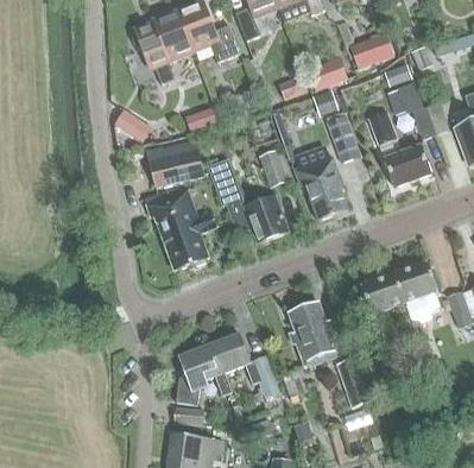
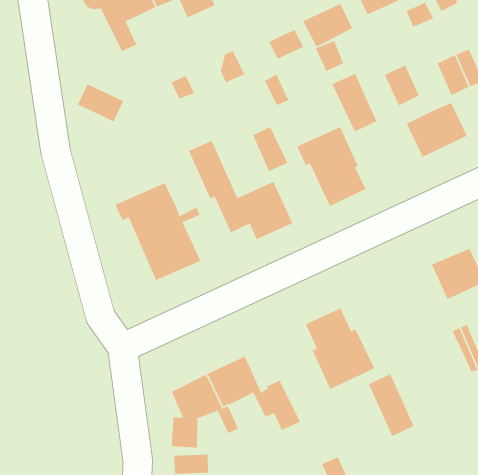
building: [386,81,423,115] -> none
building: [144,139,202,186] -> none
building: [361,272,404,312] -> none

